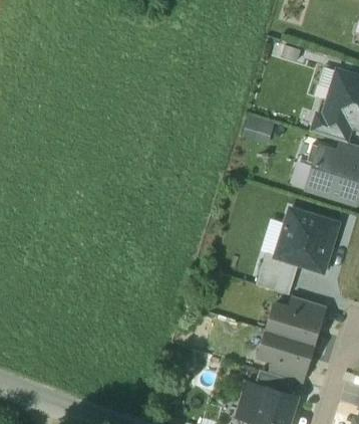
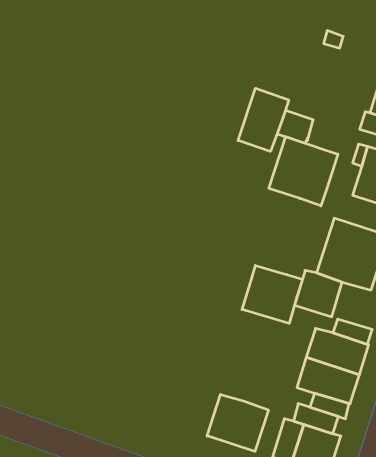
building: none -> [238,88,289,151]
building: none -> [269,137,338,206]
building: none -> [242,265,302,323]
building: none -> [207,394,268,451]

